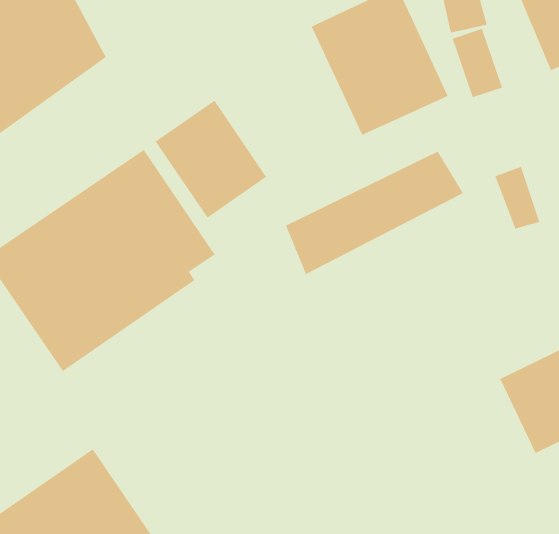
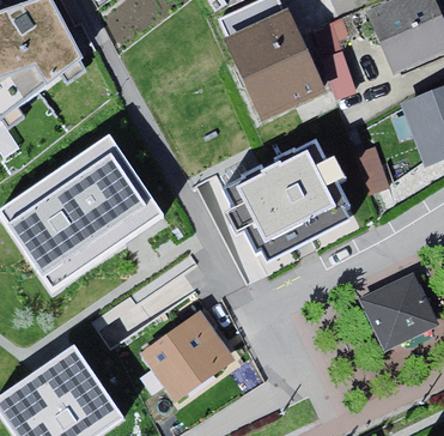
building: [155,100,267,219] -> none
building: none -> [223,163,353,259]
building: none -> [147,316,231,398]

